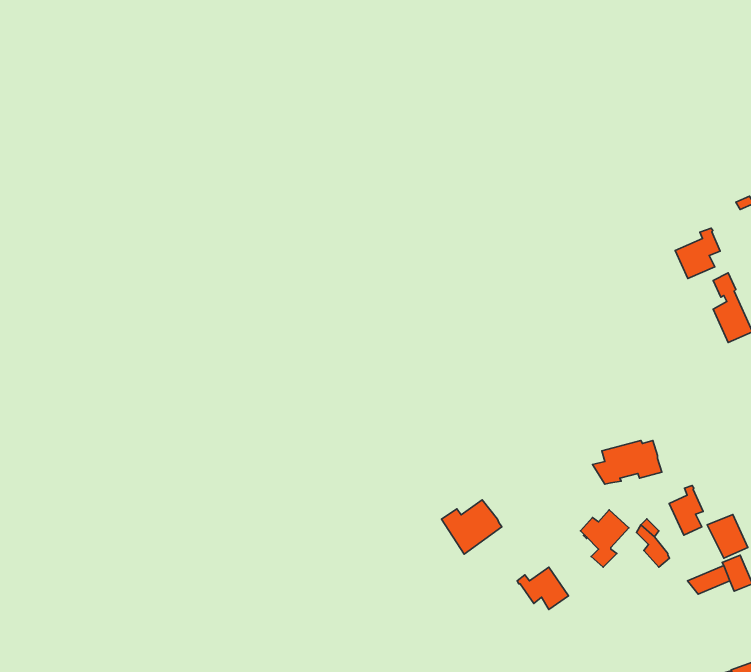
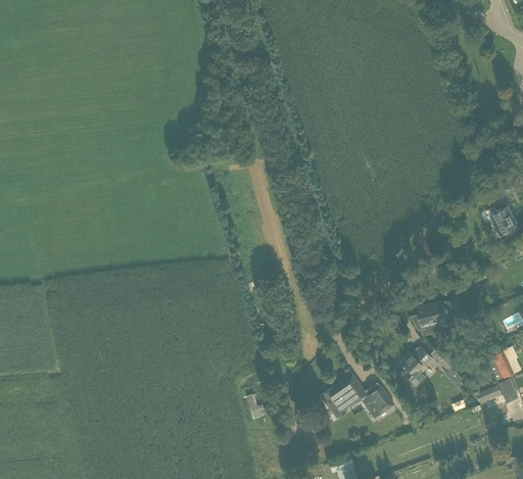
building: [675,228,720,279] -> none
building: [669,485,703,535] -> none
building: [442,500,502,554] -> [322,382,363,419]

